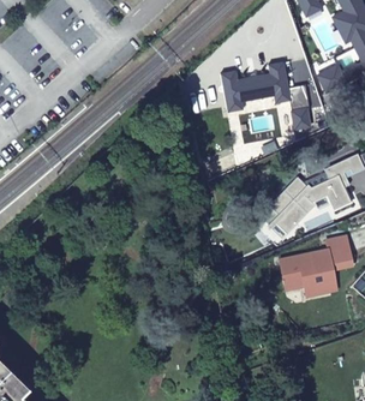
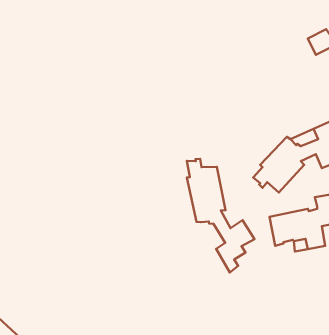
building: [223,59,312,127] -> none
building: none -> [187,159,255,272]

